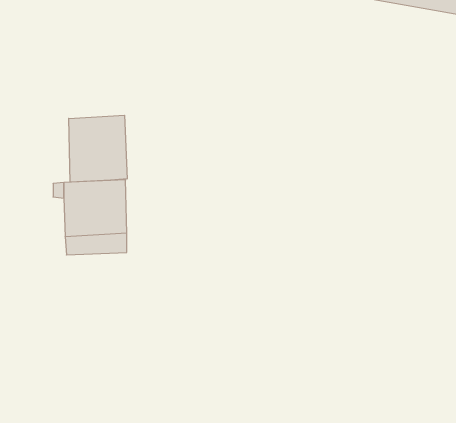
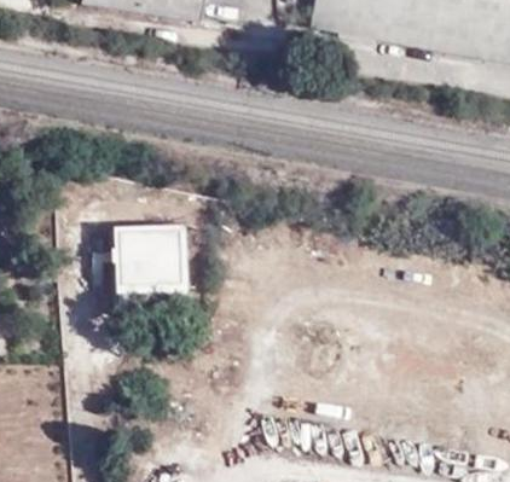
building: [69,115,127,182] -> none

